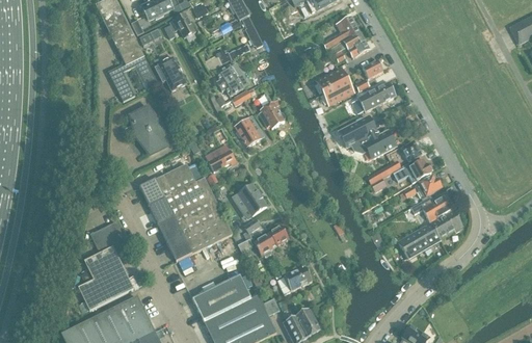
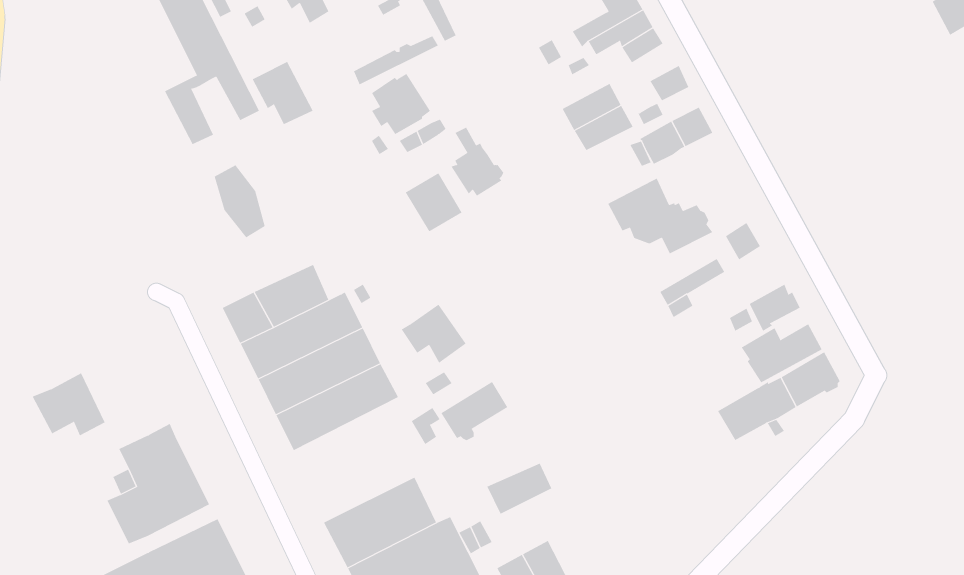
building: [205,144,236,170] -> none
building: [393,159,431,182] -> none
building: [89,220,128,254] -> [32,373,105,436]

